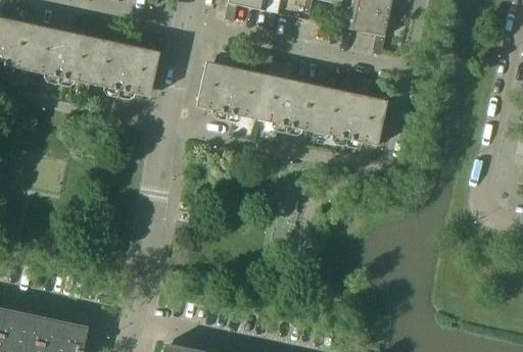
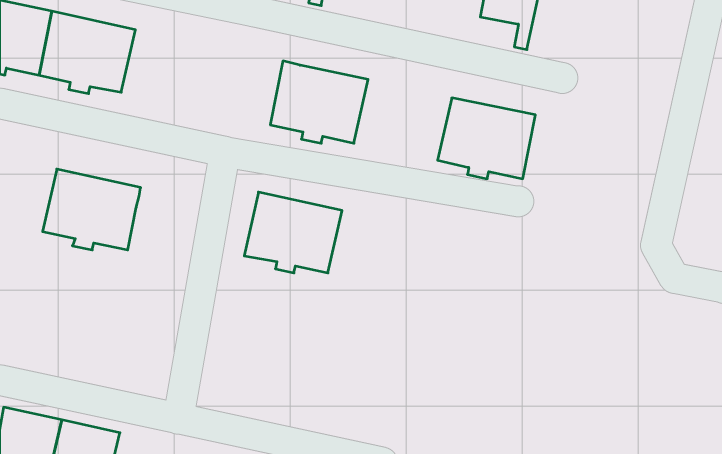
building: [89,38,159,96] -> [43,169,141,250]
building: [256,73,327,132] -> [244,192,342,273]

